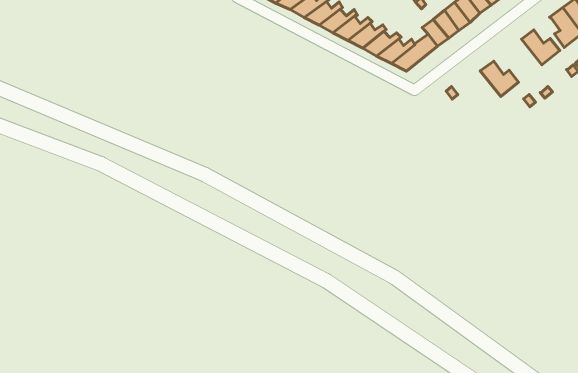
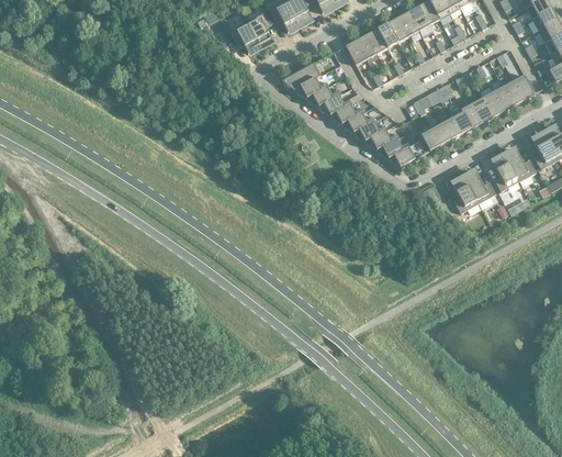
building: none -> [494,154,520,189]
building: none -> [453,176,480,211]

